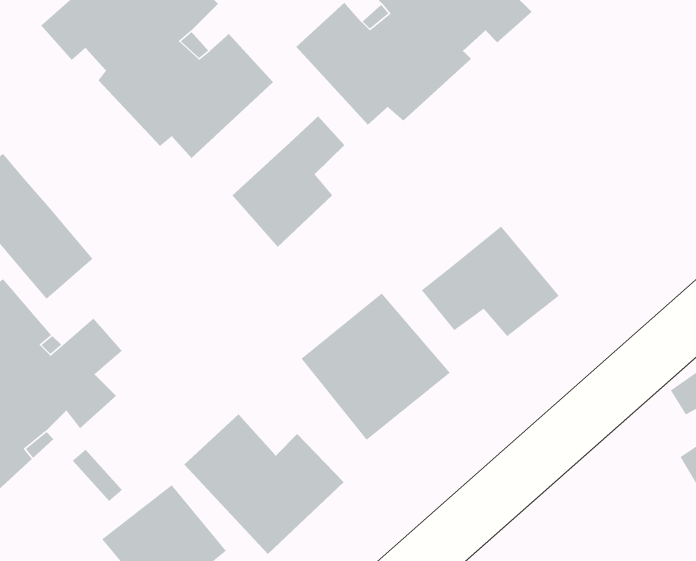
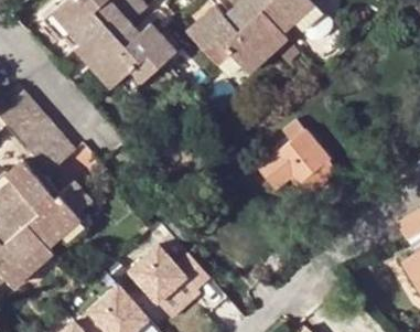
building: [231,116,345,248] -> none
building: [300,293,451,441] -> none

